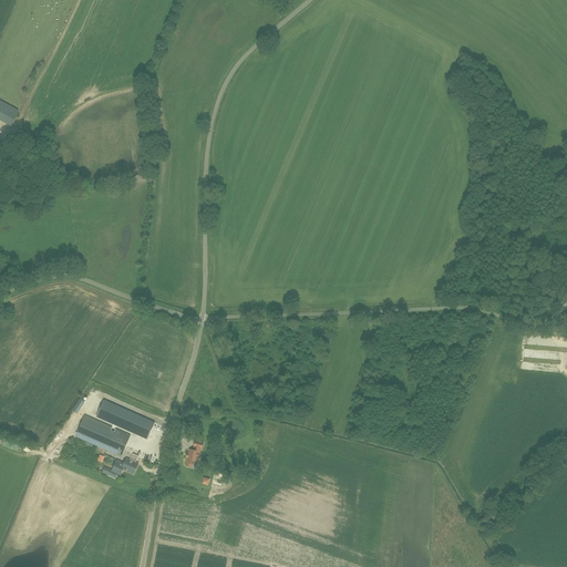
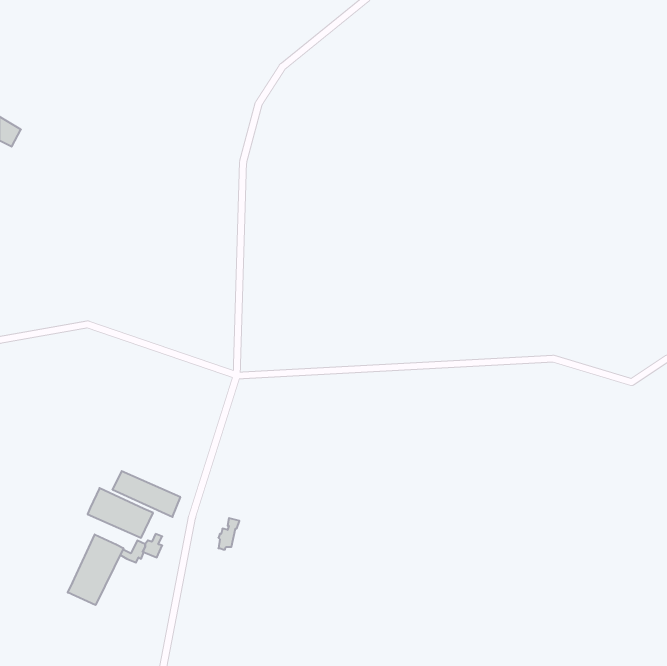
building: none -> [68,534,123,605]

